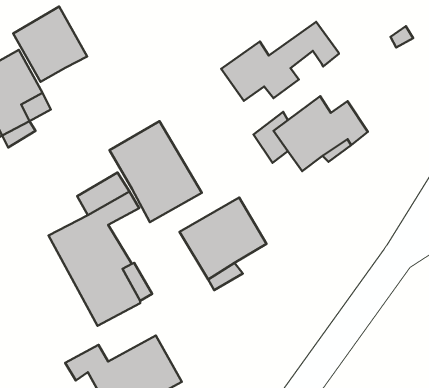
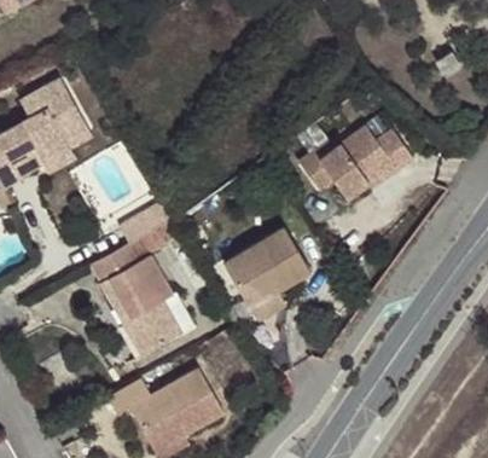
building: [13,6,87,82] -> none
building: [221,22,339,101] -> none
building: [109,121,202,222] -> none

